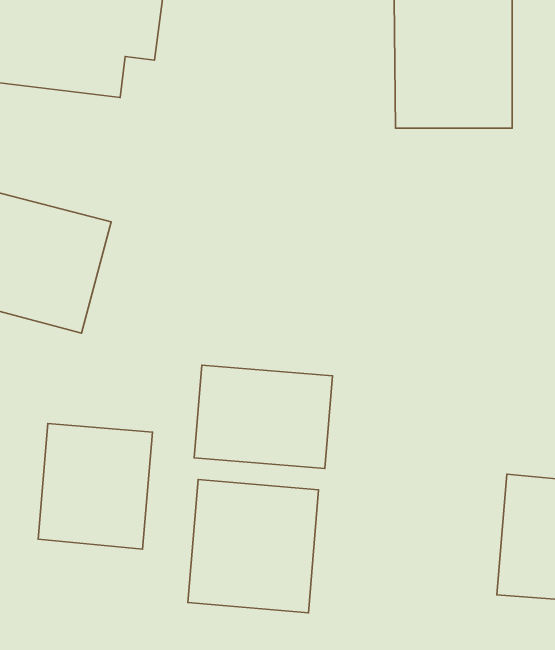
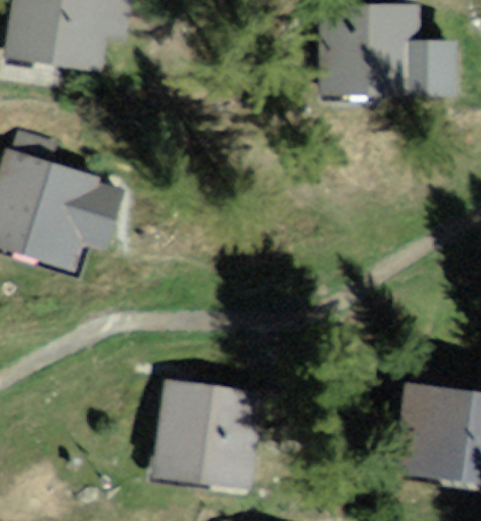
building: [194,365,333,469] -> none
building: [38,424,152,549] -> none

